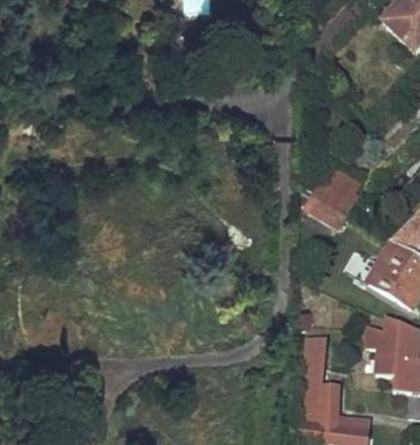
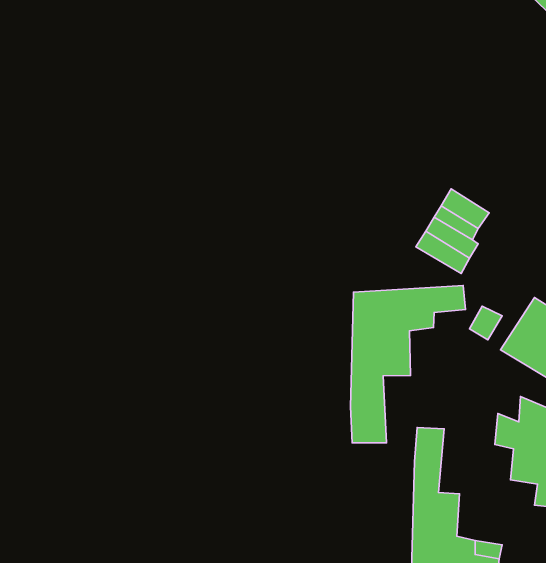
building: none -> [350,286,465,443]

